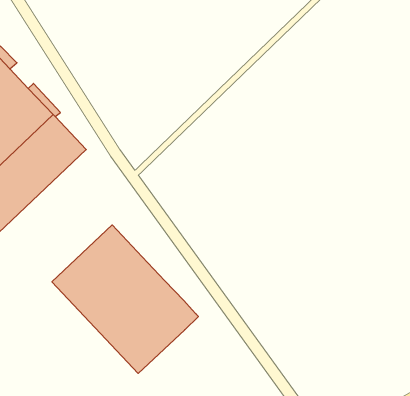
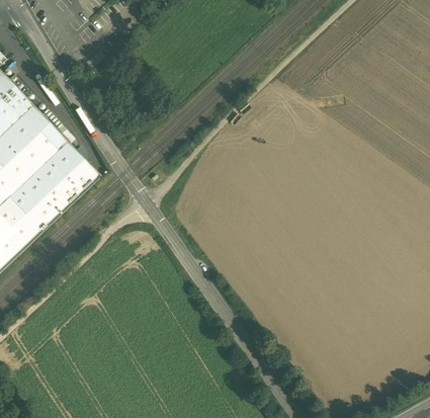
building: [52,225,198,373] -> none

